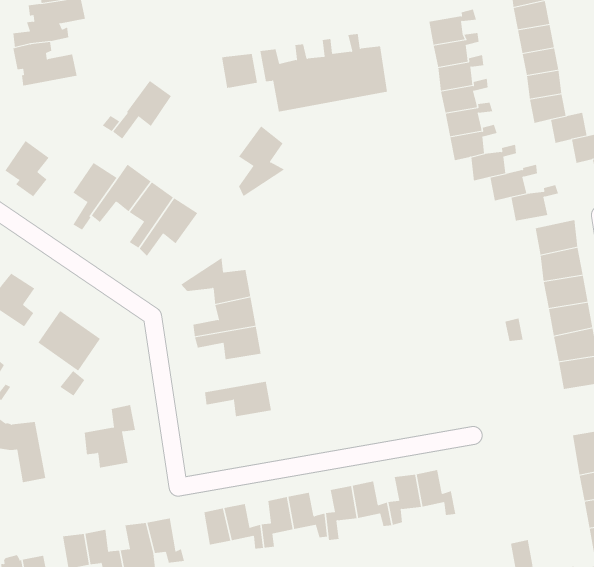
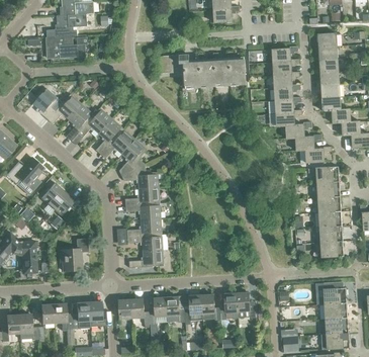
building: [112,80,172,140] -> [47,94,81,124]
building: [238,126,285,197] -> [118,139,146,176]
building: none -> [126,218,161,236]
building: none -> [128,250,163,268]

